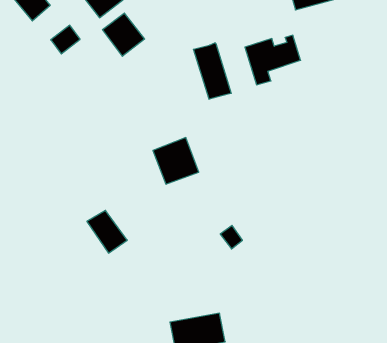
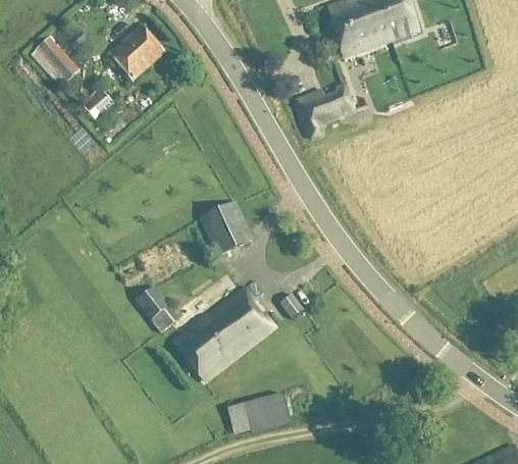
building: [103,13,145,56] -> none
building: [193,43,231,99] -> none
building: none -> [176,289,275,379]

